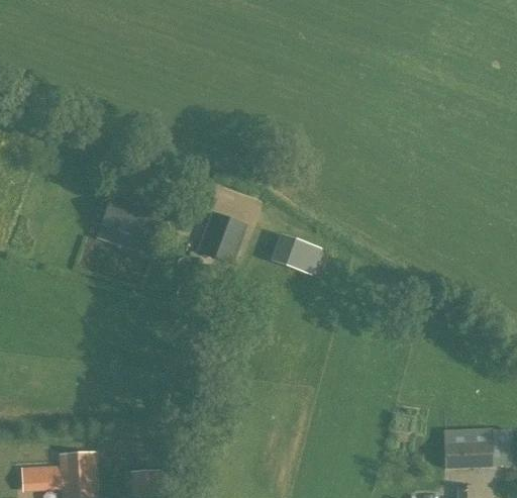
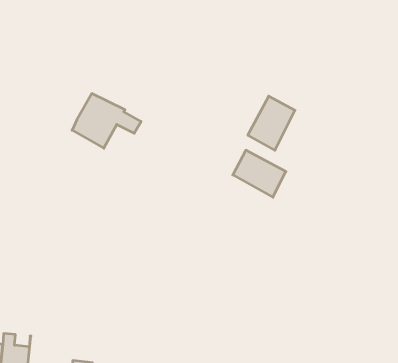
building: none -> [248,96,295,150]
building: [197,211,247,263] -> none

